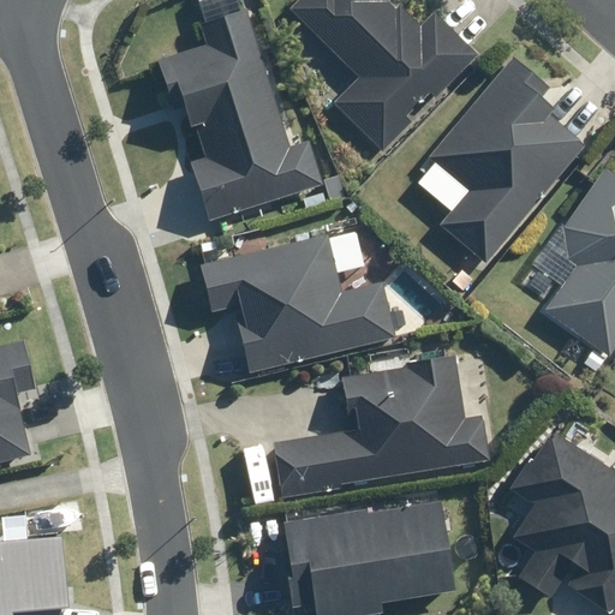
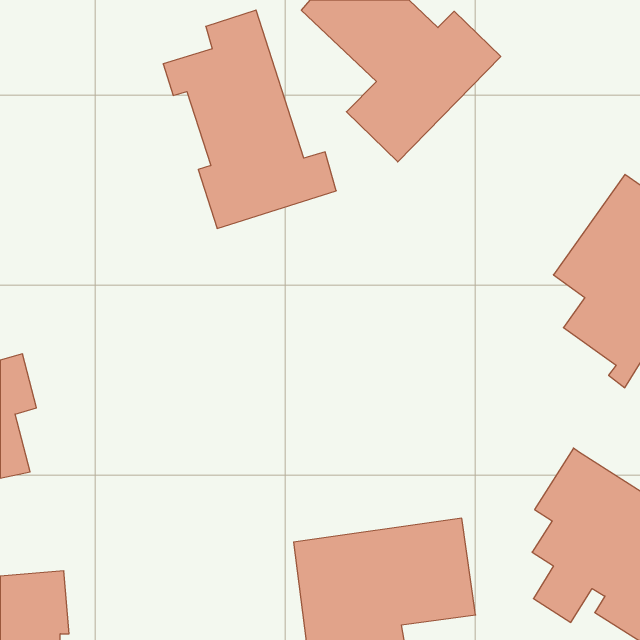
building: [417,60,585,261] -> none
building: [199,234,395,371] -> none
building: [271,354,491,492] -> none

